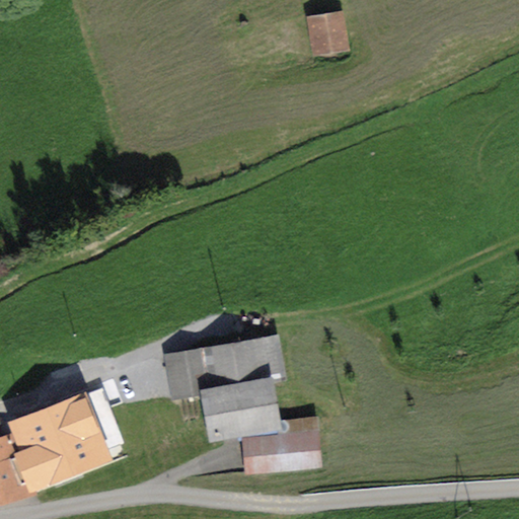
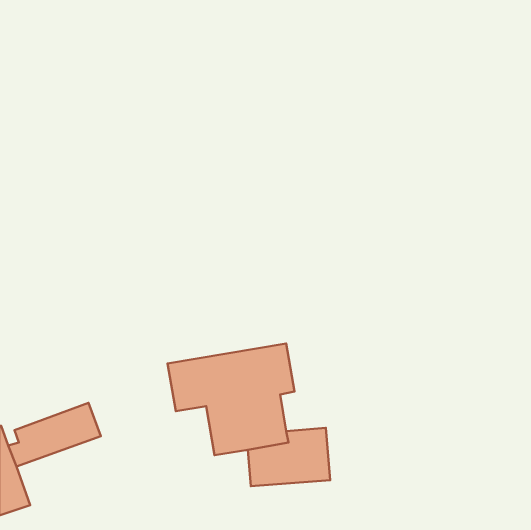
building: [305,9,351,57] -> none
building: [16,425,112,492] -> none

